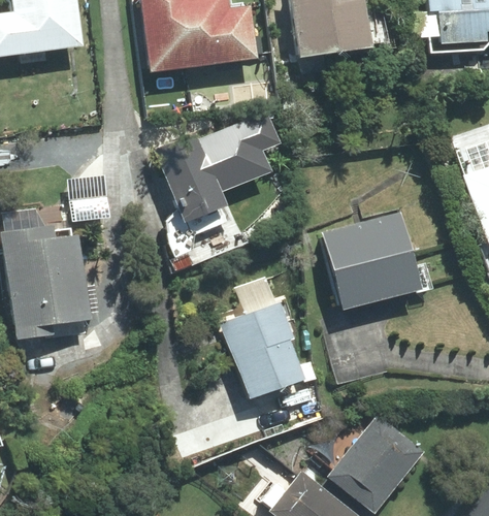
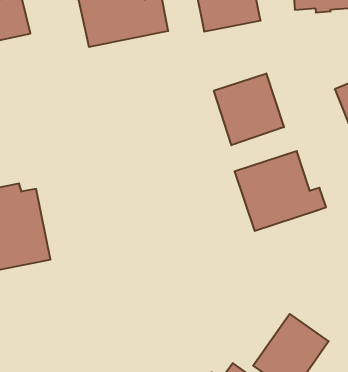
building: [156,116,275,221] -> none
building: none -> [214,73,284,145]
building: [223,275,309,399] -> none

